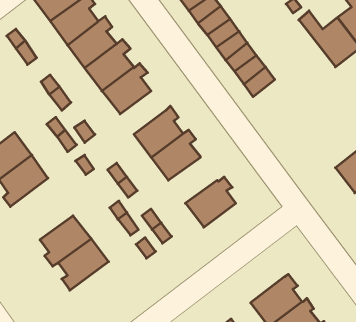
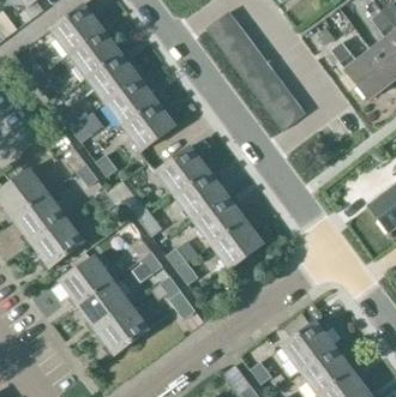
building: none -> [193,190,245,242]
building: none -> [28,216,86,270]
building: none -> [90,303,149,357]

